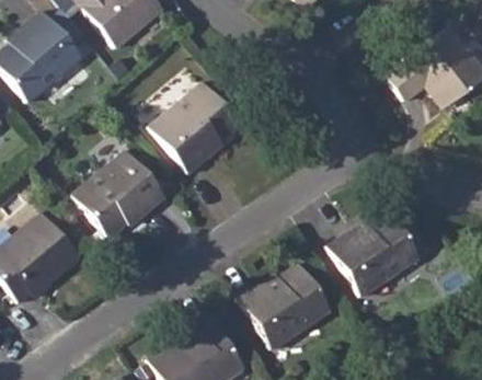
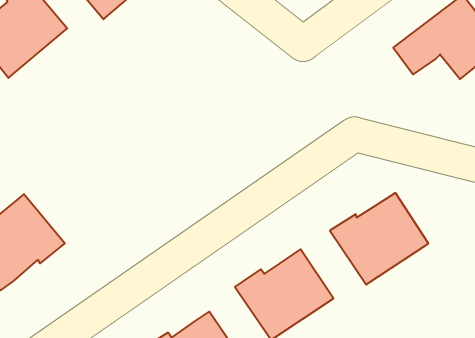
building: [150,81,240,174] -> none
building: [73,151,164,239] -> none

